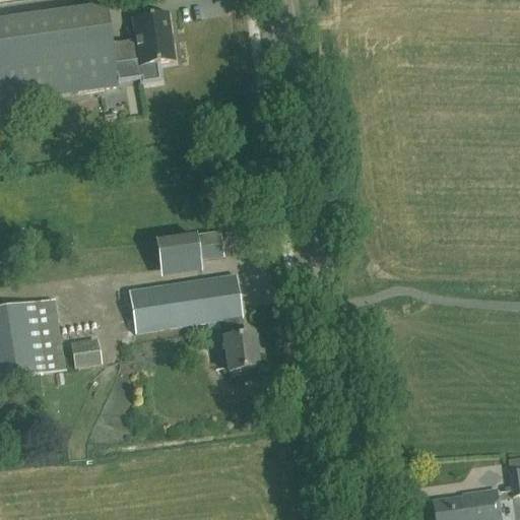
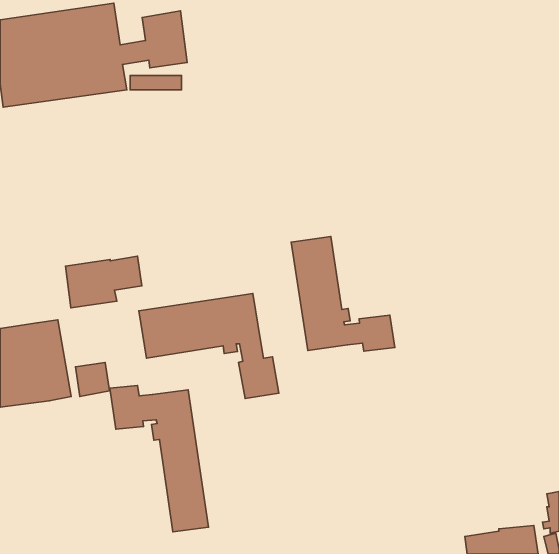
building: none -> [291,237,395,351]
building: [154,229,225,276] -> [65,256,142,308]
building: none -> [110,385,209,532]

